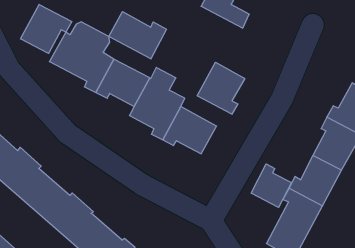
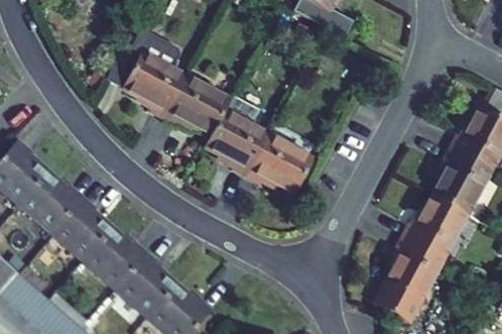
building: [21,4,72,53] -> none
building: [109,12,166,59] -> none
building: [197,62,245,114] -> none
building: [251,164,291,207] -> none

